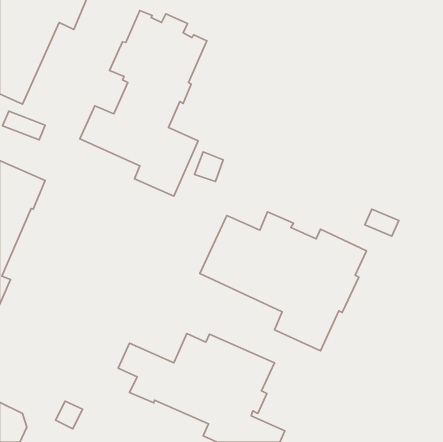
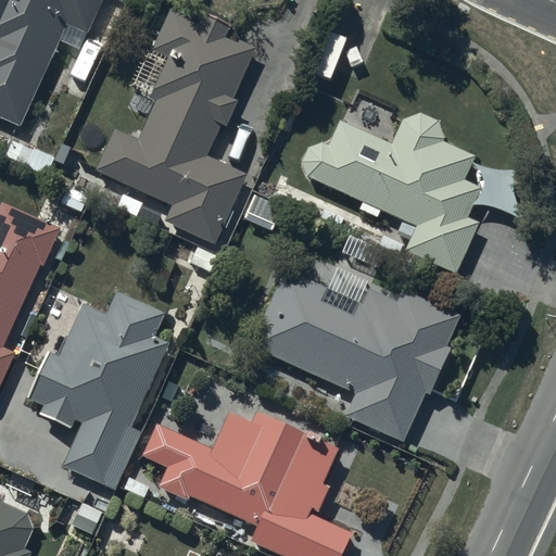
building: none -> [301,112,479,270]
building: none -> [29,291,167,488]

